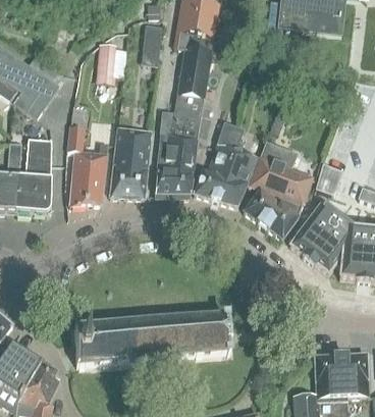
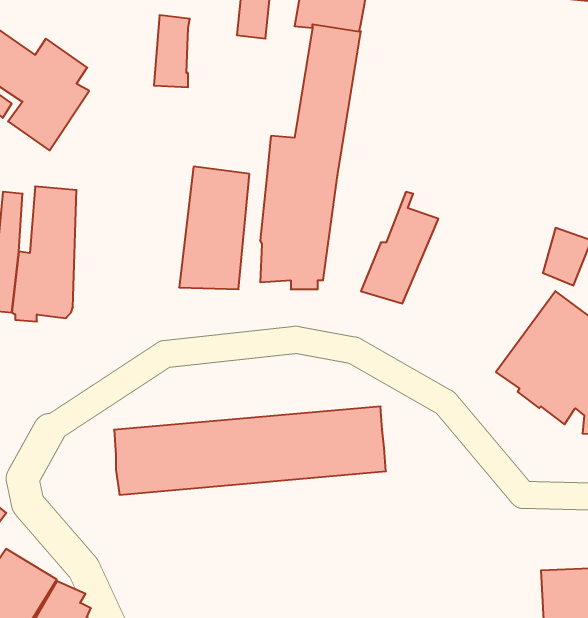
building: [194,123,243,198] -> none
building: [67,125,107,204] -> none
building: [244,141,313,239] -> none
building: [76,314,230,364] -> [114,406,386,495]

